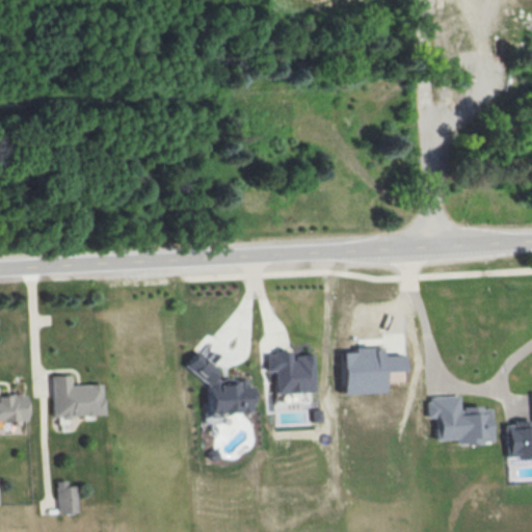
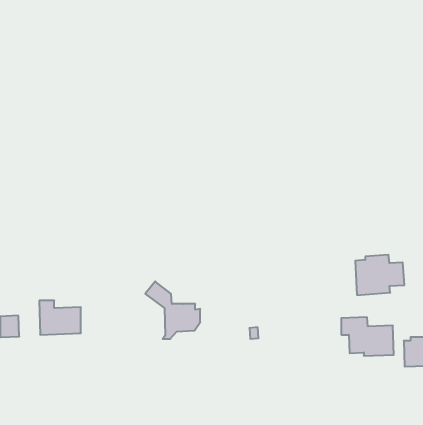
building: [343,346,404,396] -> [355,255,404,295]
building: [268,353,316,395] -> none
building: [59,481,80,514] -> none

